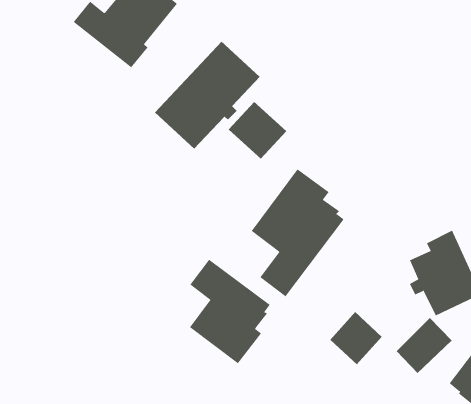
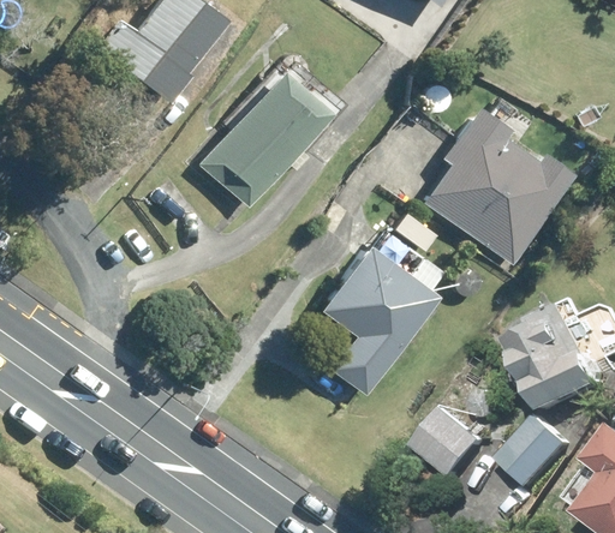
building: none -> [424,109,575,264]
building: [228,101,287,159] -> none
building: [189,259,271,364] -> none

